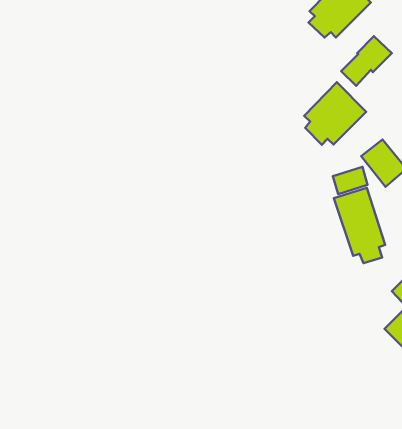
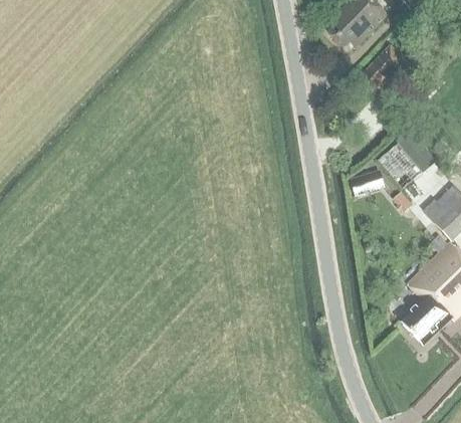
building: [304,82,366,145] -> none
building: [334,188,385,263] -> none

